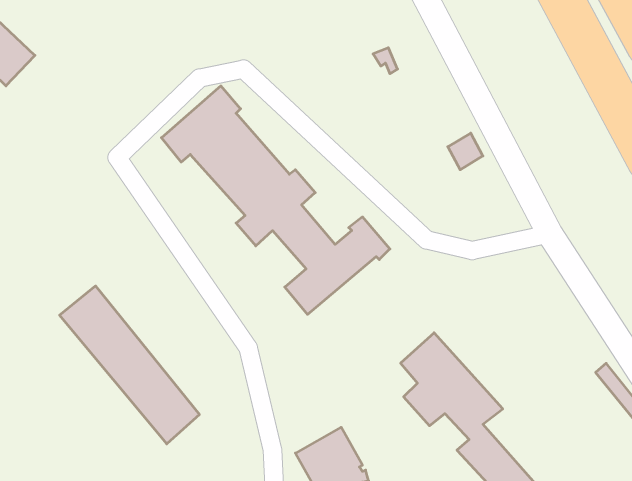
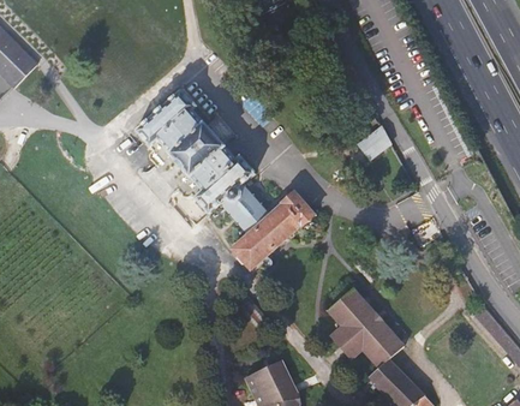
building: [60,286,199,444] -> none

